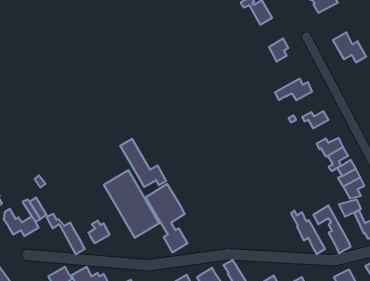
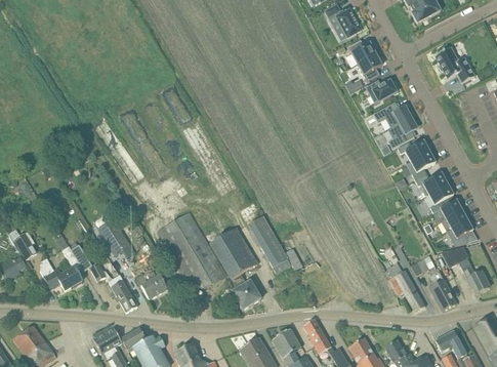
building: none -> [347,39,376,64]
building: none -> [365,79,399,104]
building: none -> [387,117,416,148]
building: none -> [406,151,436,179]
building: [120,139,166,187] -> [248,215,303,273]
building: none -> [98,217,131,255]

